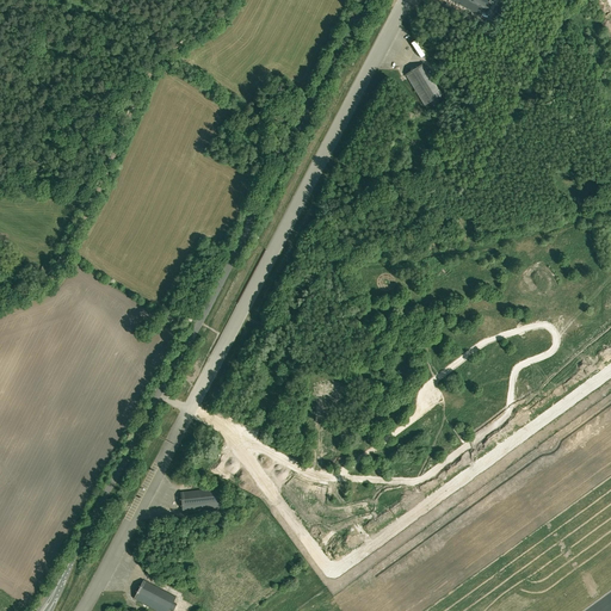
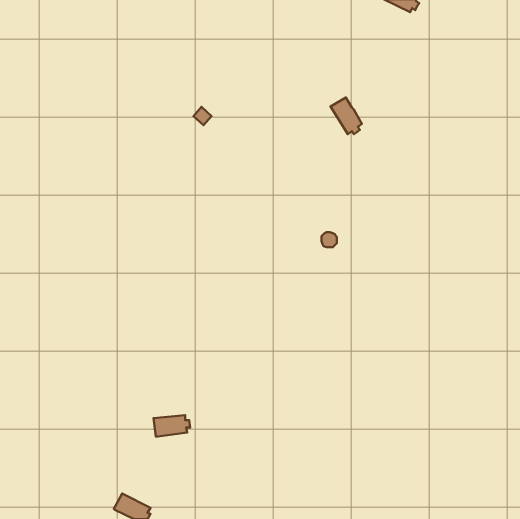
building: [405,62,442,105] -> [330,97,362,134]

